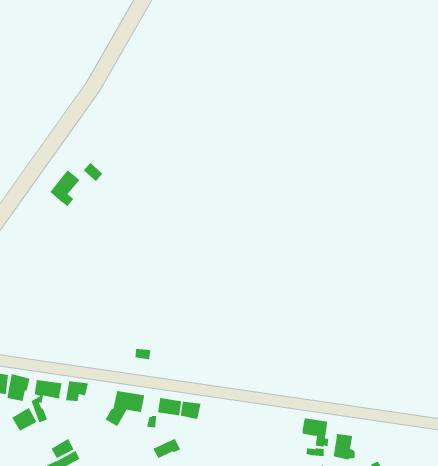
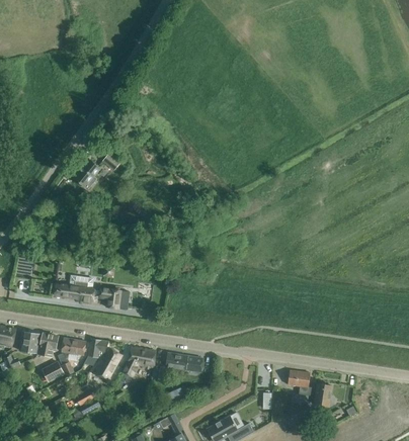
building: none -> [54,276,121,308]
building: none -> [92,348,121,378]

